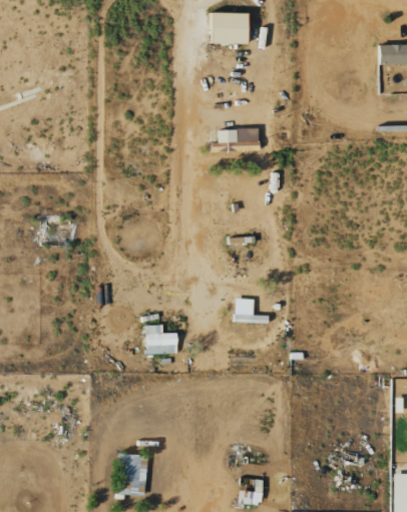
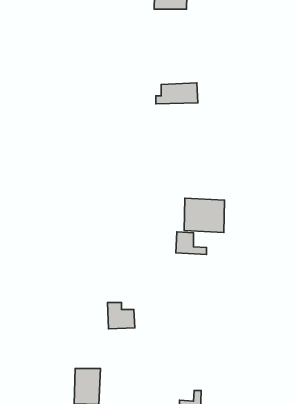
building: none -> [184,198,225,233]
building: [147,325,178,355] -> [108,302,135,329]

